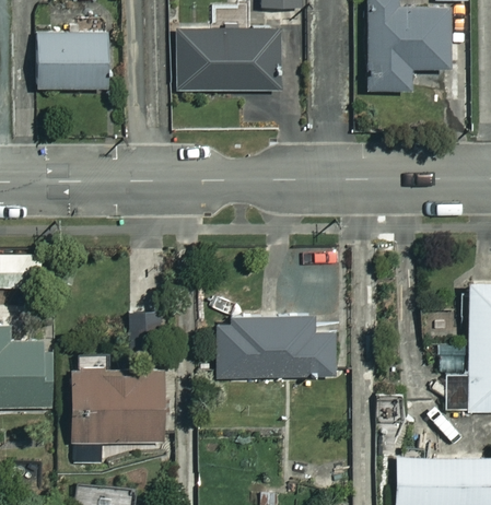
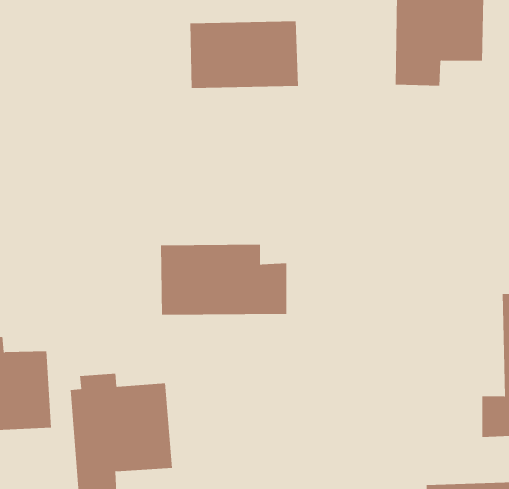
building: [47,36,113,93] -> none
building: [214,312,331,377] -> [160,244,287,315]

